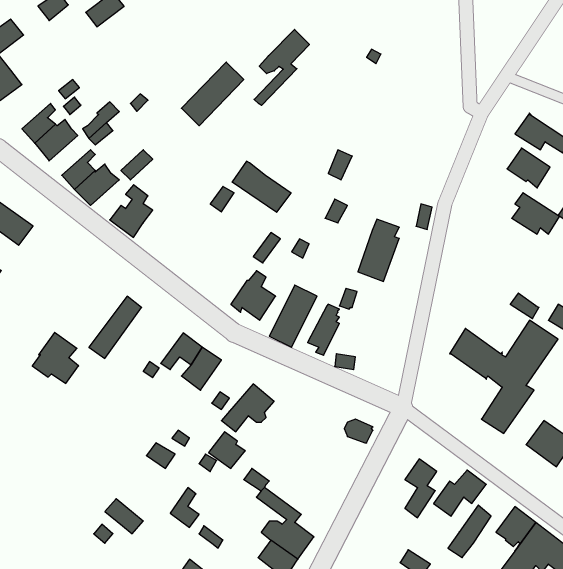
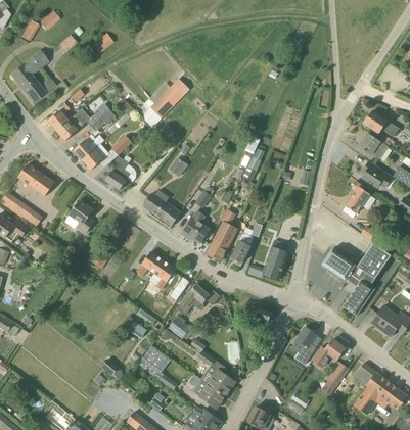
building: [254,29,309,105] -> none
building: [232,161,291,212] -> [143,193,181,226]
building: [358,219,399,281] -> [263,240,289,280]
building: none -> [343,181,369,218]
building: [32,332,79,383] -> [65,200,95,233]

